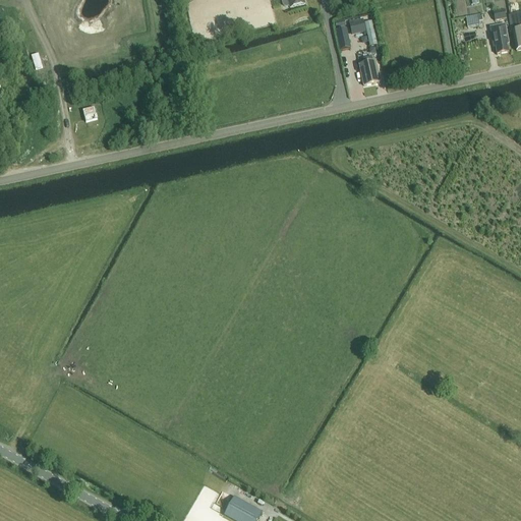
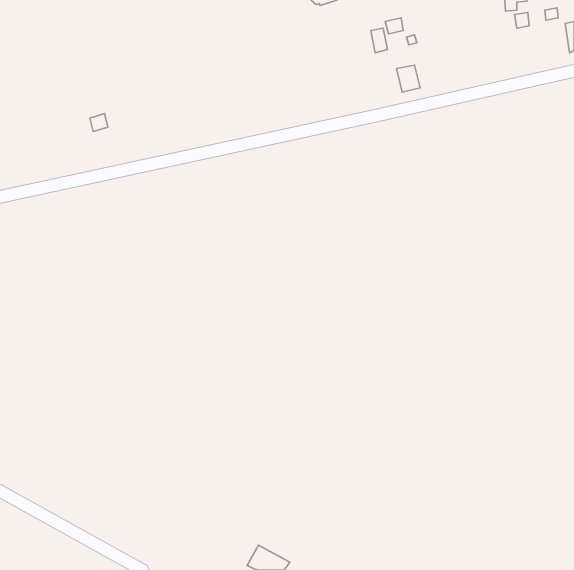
building: [490,22,509,52] -> none

